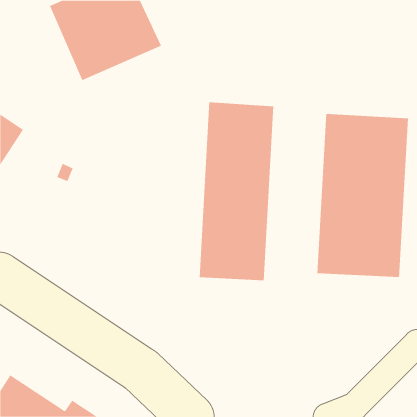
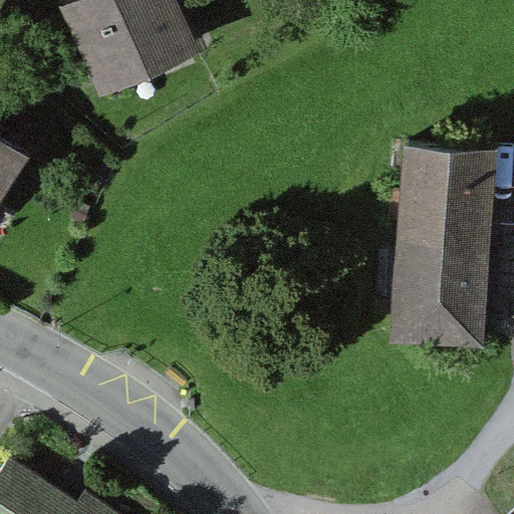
building: [199,102,274,281] -> none

